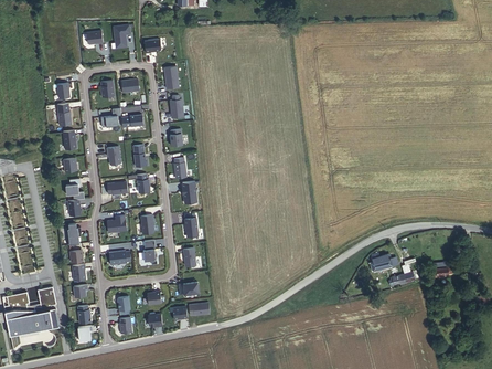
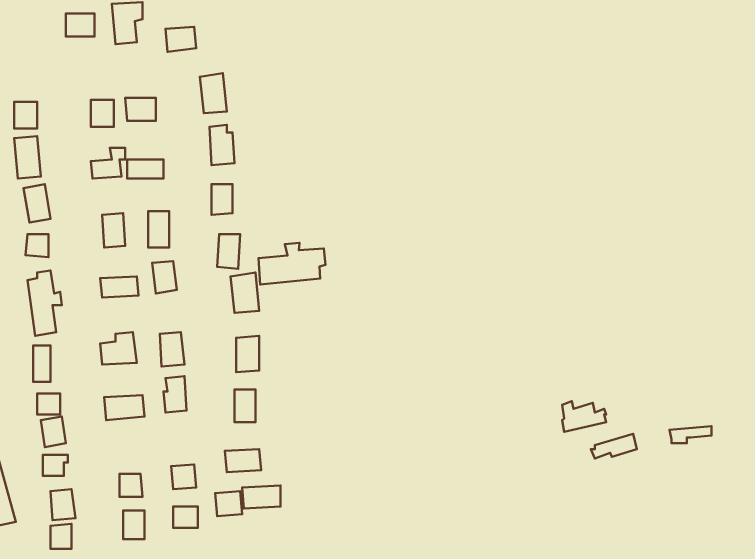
building: none -> [259,243,325,284]

